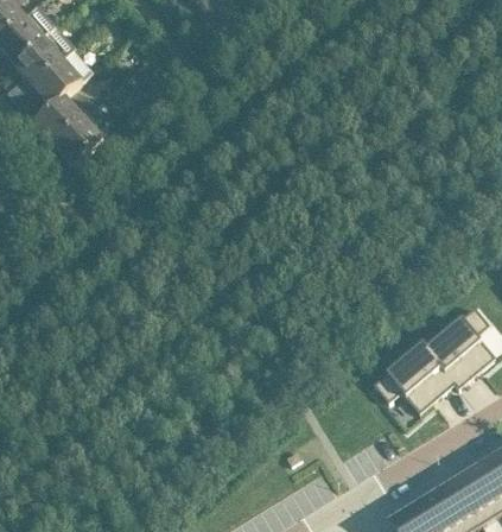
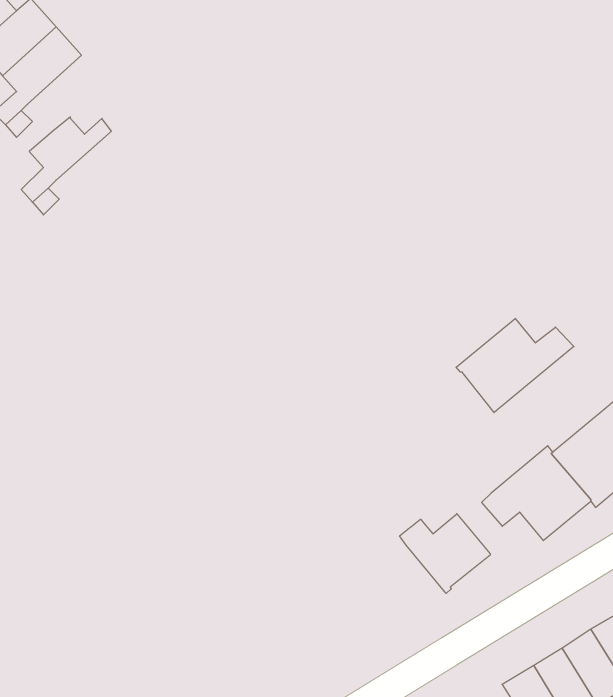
building: [33,48,94,104] -> none
building: [55,104,103,163] -> none
building: none -> [456,318,574,413]
building: none -> [400,514,490,593]

